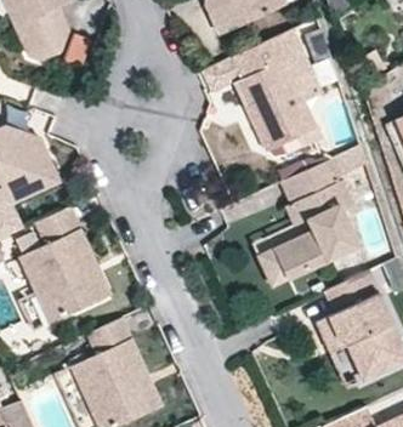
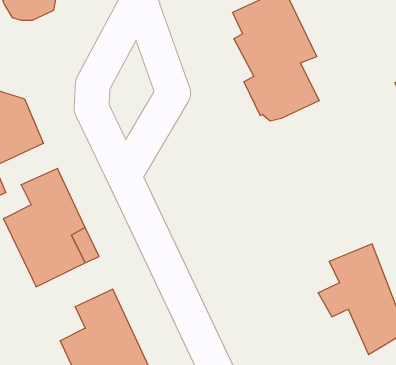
building: [276,149,359,275] -> none

